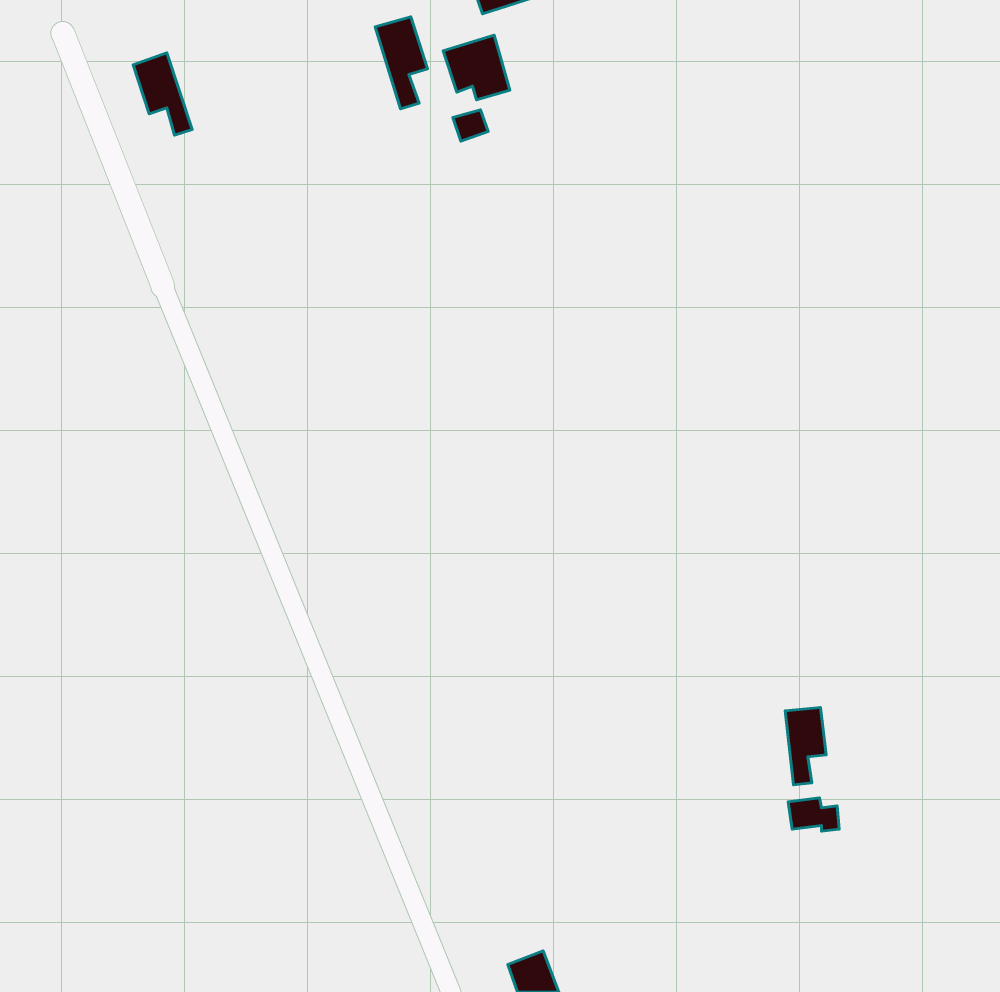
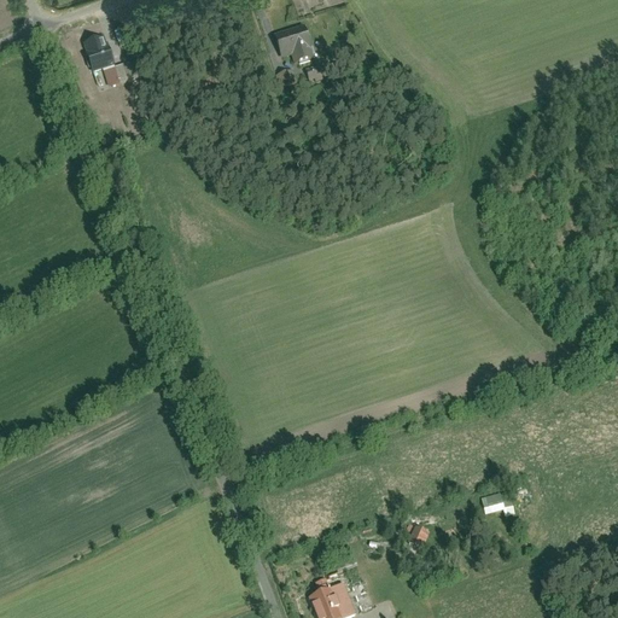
building: [375,17,428,109] -> none
building: [785,708,826,785] -> none

